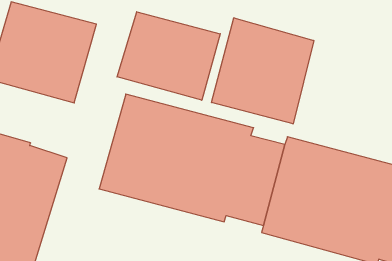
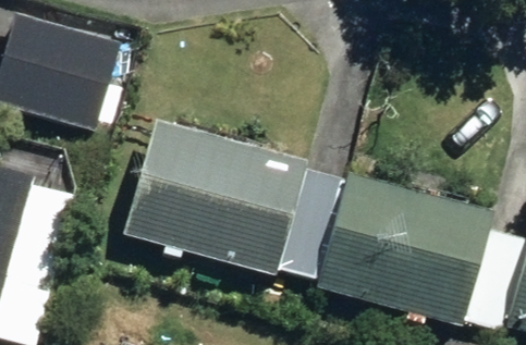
building: [117,12,220,100] -> none
building: [212,18,314,124] -> none

